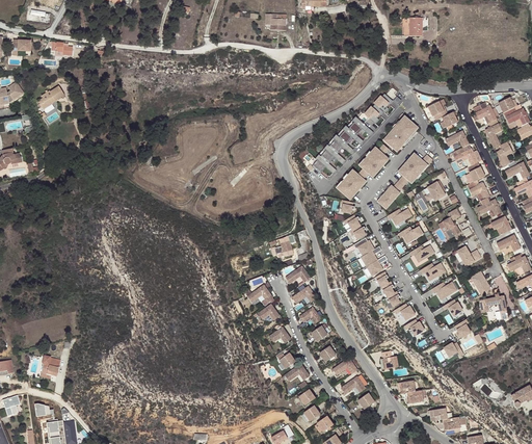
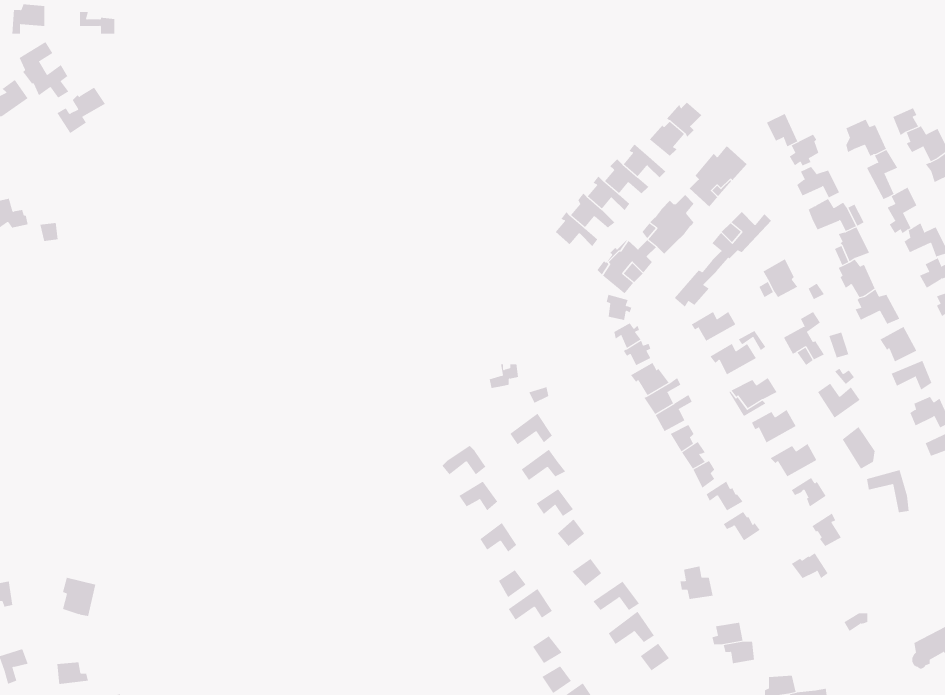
building: none -> [19,41,69,98]

